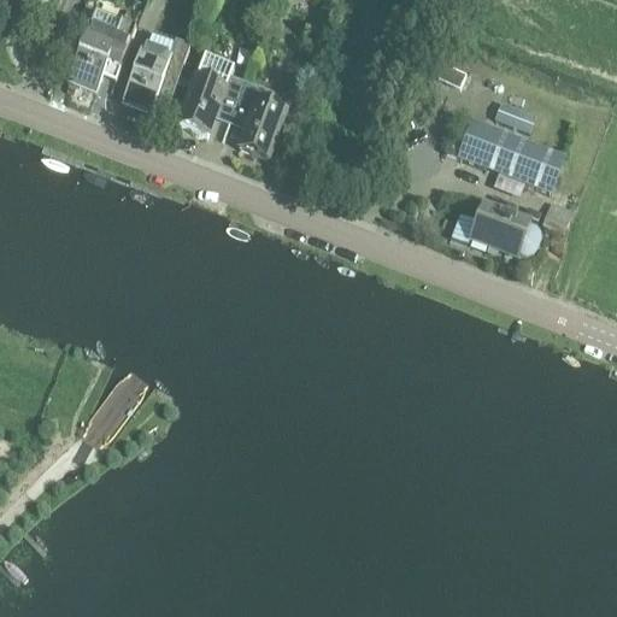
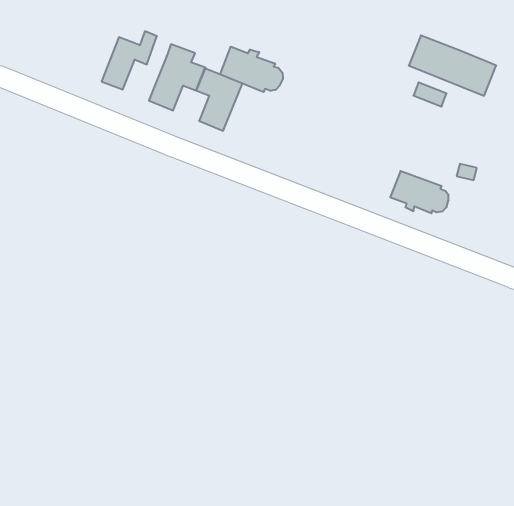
building: [70,7,134,87] -> none
building: none -> [220,47,283,92]
building: [458,119,563,192] -> [409,35,496,96]

